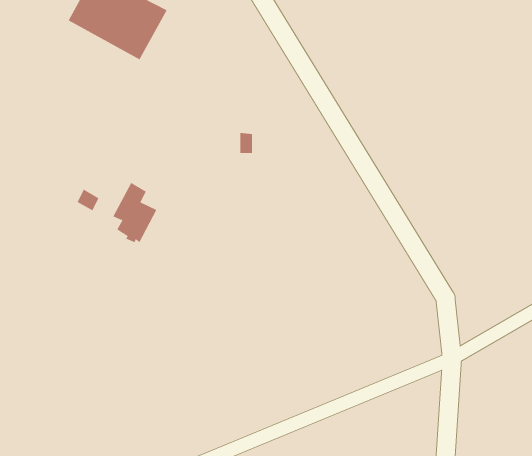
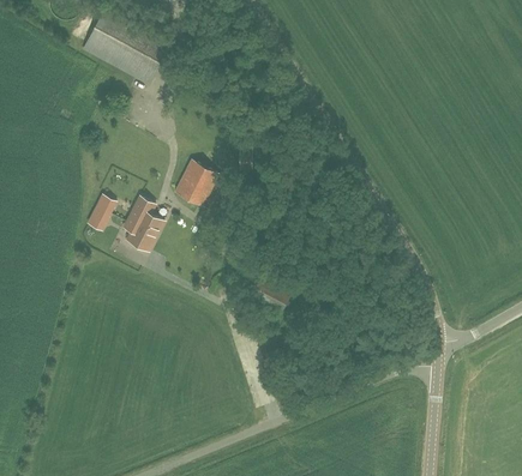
building: none -> [174,159,217,206]

